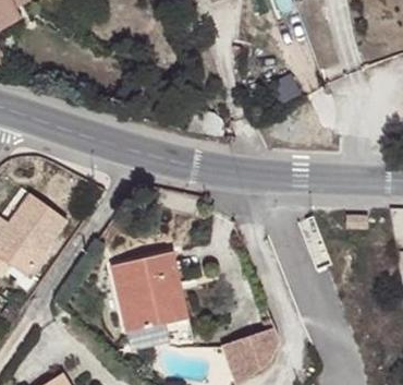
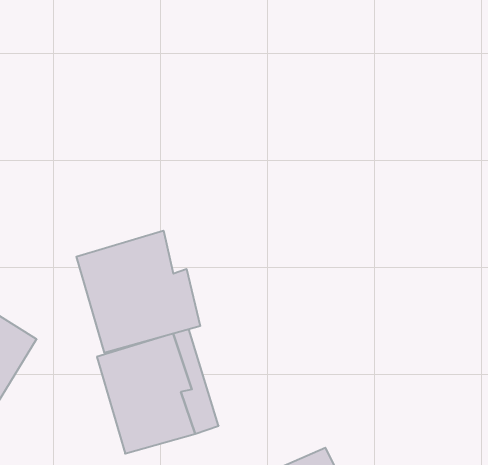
building: none -> [76,231,200,353]

